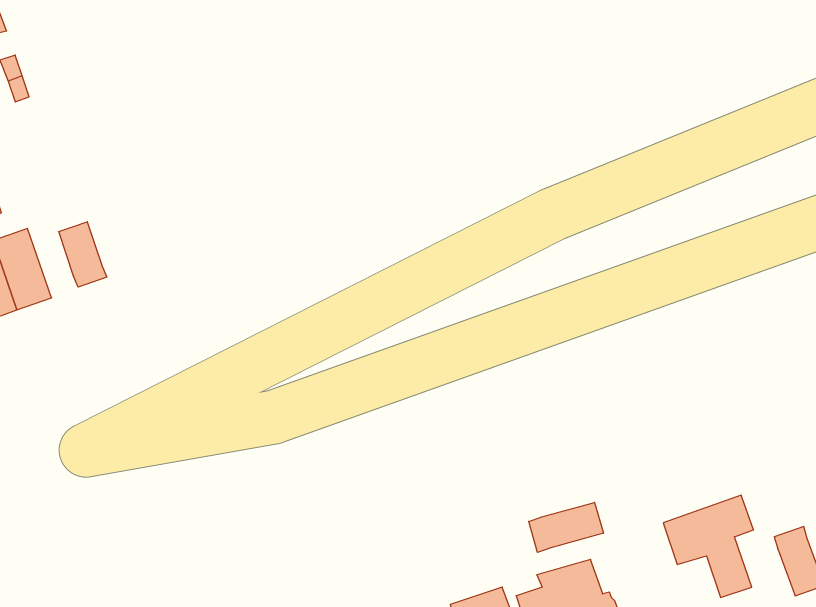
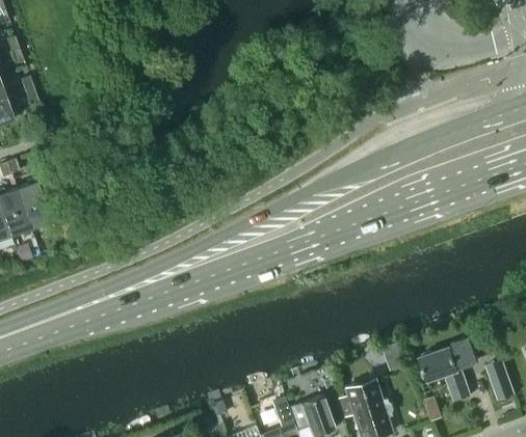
building: [59,222,107,287] -> none
building: [529,502,603,552] -> none

